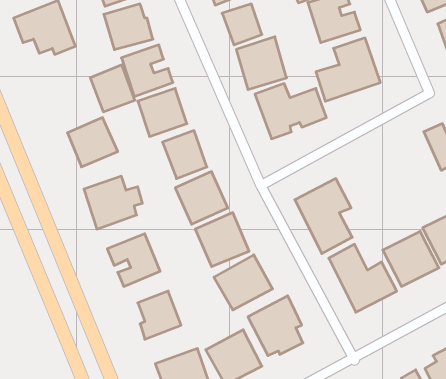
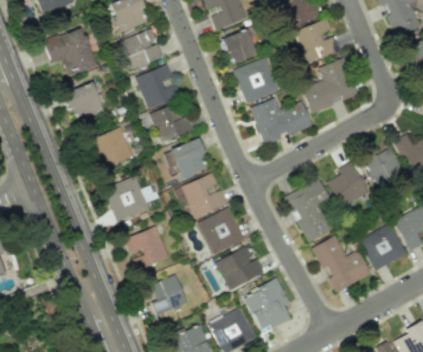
building: [90,65,135,112] -> [65,81,103,121]
building: none -> [364,147,403,185]
building: none -> [326,162,368,207]

